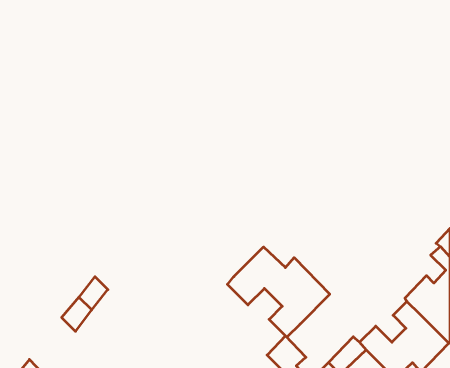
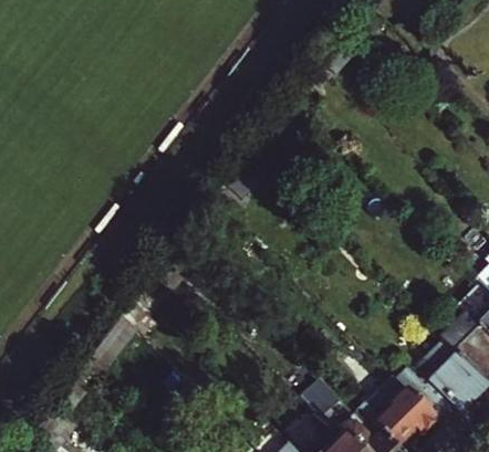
building: [227,247,330,337] -> none

